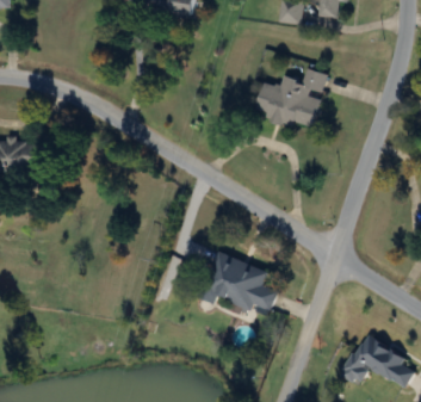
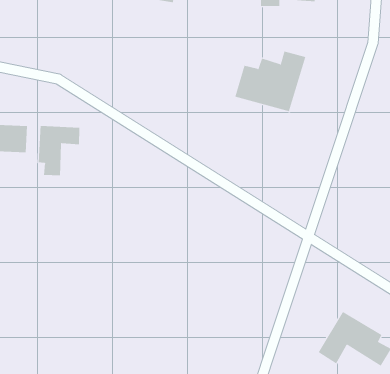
building: none -> [38,125,80,176]
building: [200,252,278,317] -> none

